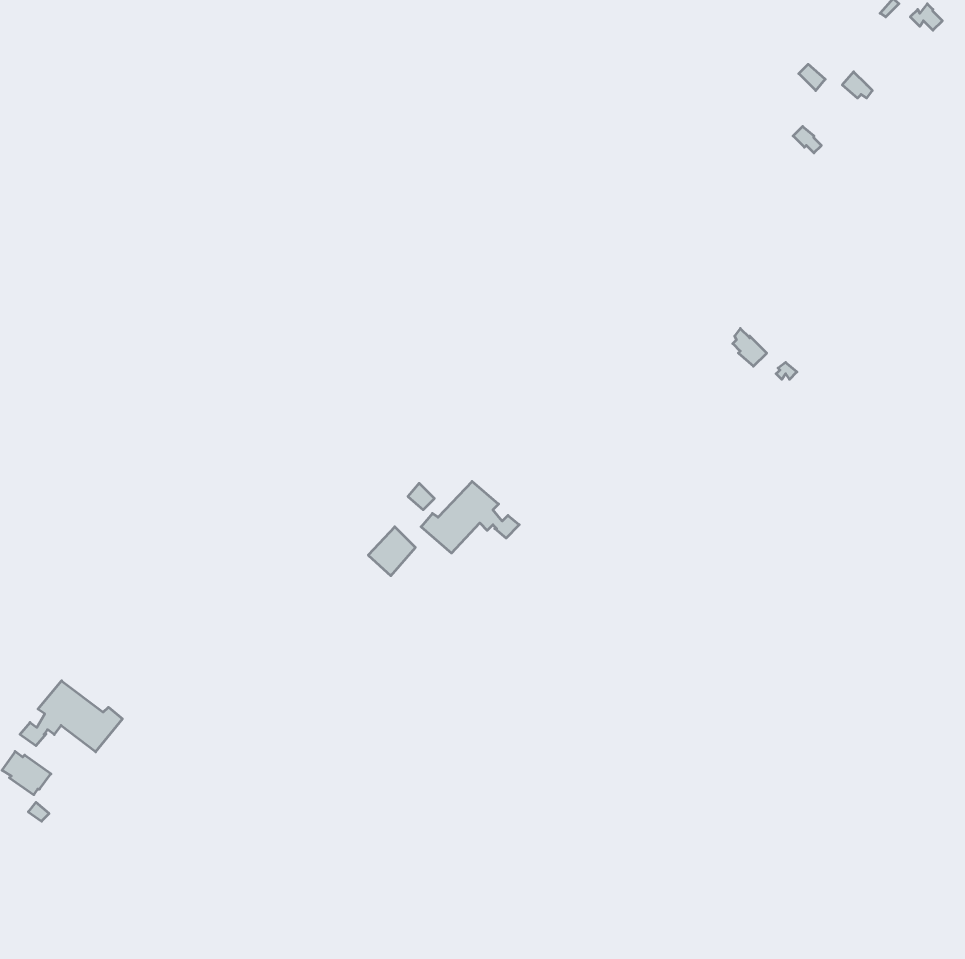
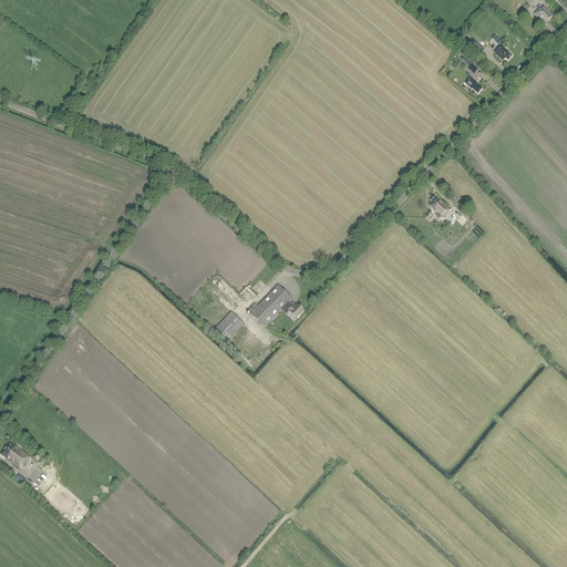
building: [20,681,122,752] -> none

